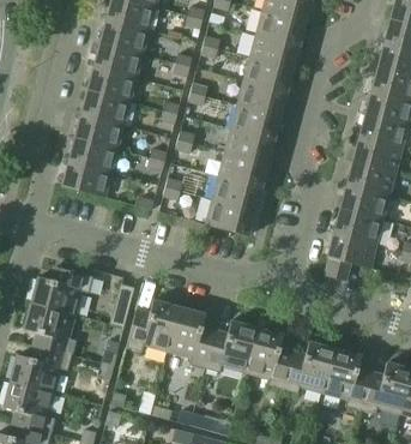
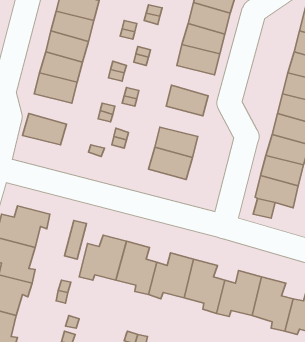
building: [231,106,280,140] -> none
building: [68,138,117,173] -> none
building: [218,152,267,187] -> none

